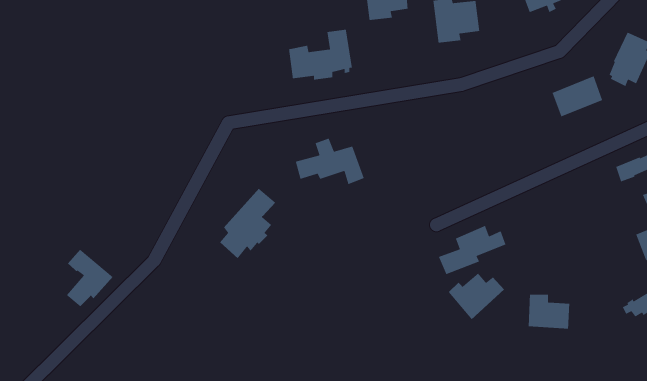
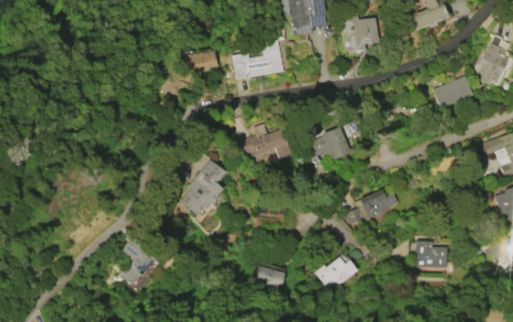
building: none -> [181,50,216,72]
building: none -> [305,125,351,158]
building: [66,249,113,307] -> [120,240,156,284]
building: [448,272,505,320] -> [315,257,358,293]
building: none -> [256,266,287,289]

